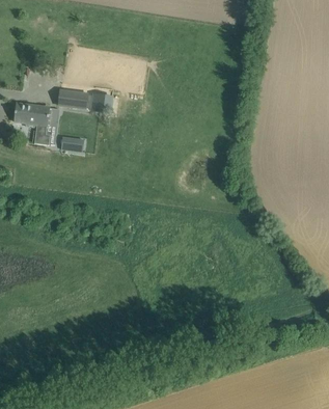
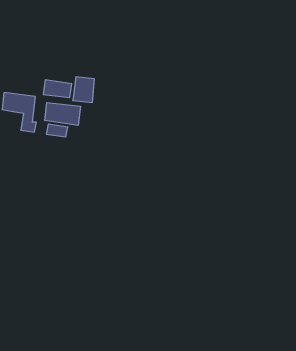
building: none -> [45,103,80,125]

